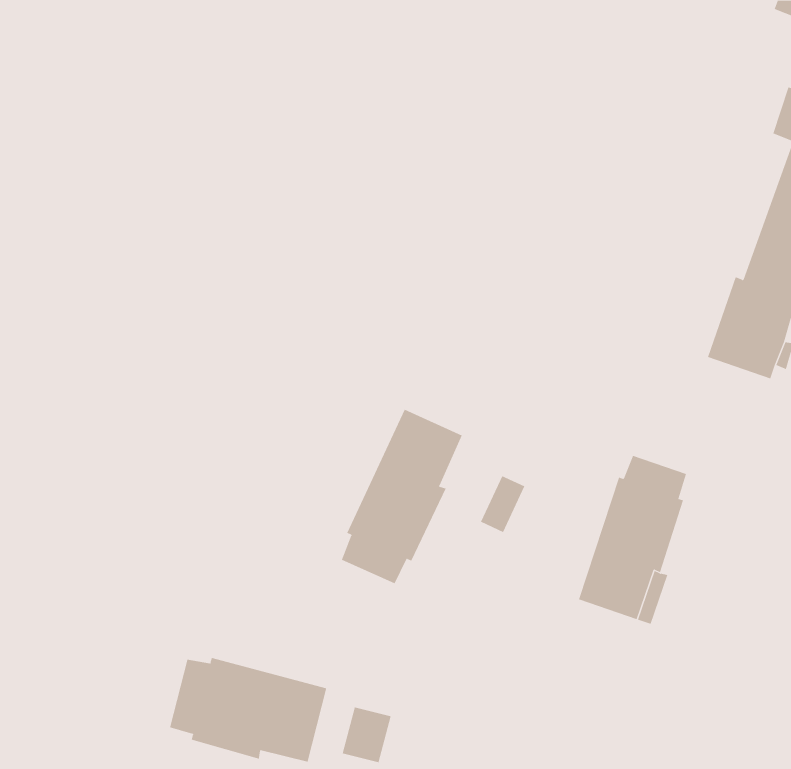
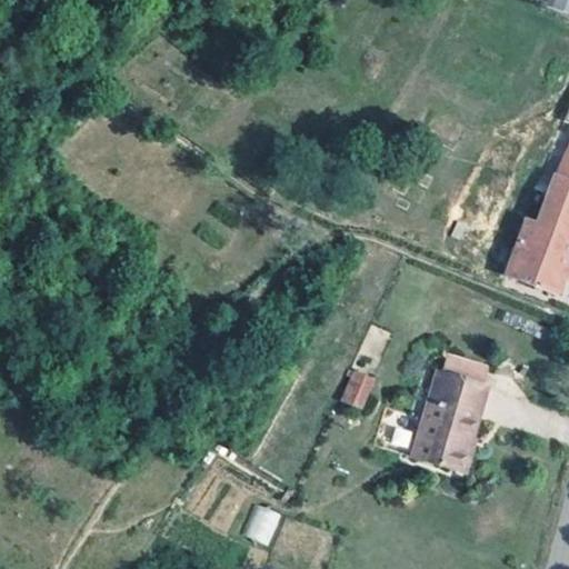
building: [341,409,463,584] -> none
building: [169,657,327,763] -> none

